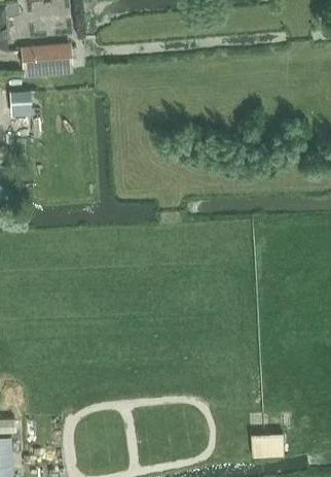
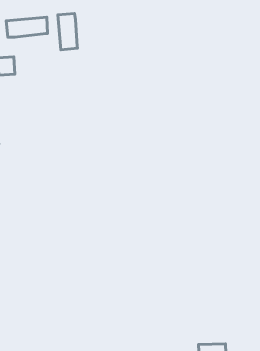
building: none -> [58,14,77,50]

